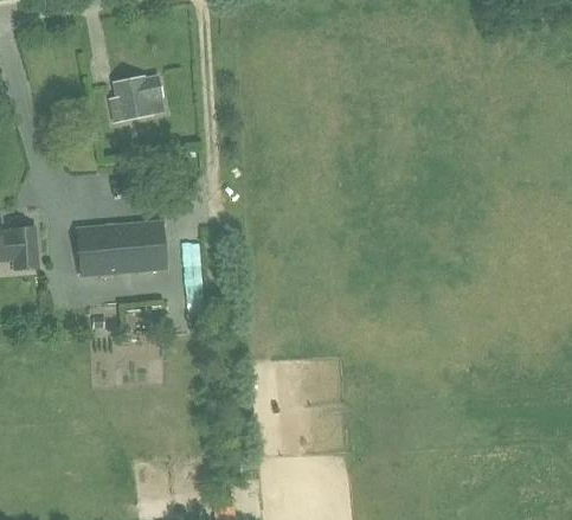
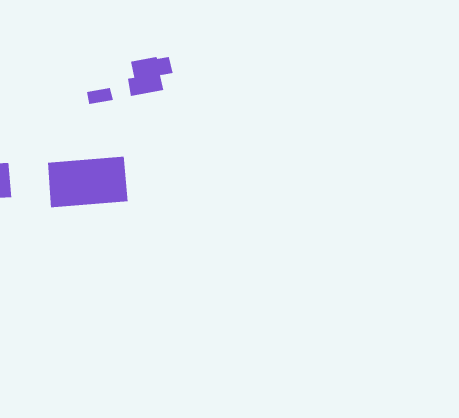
building: [110,76,162,121] -> [127,56,174,97]

